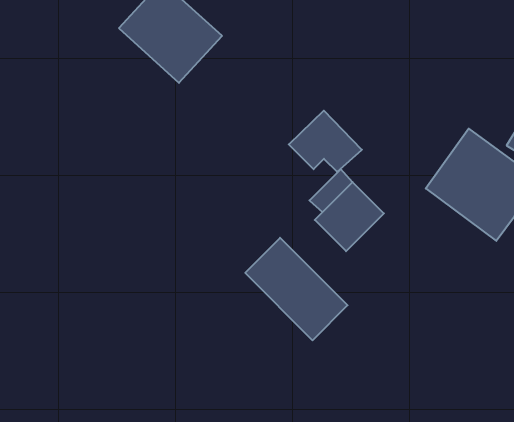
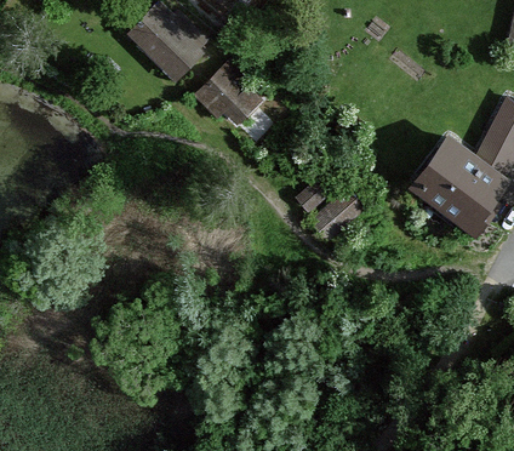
building: [289,111,362,172] -> [196,63,264,120]
building: [245,238,348,340] -> none

